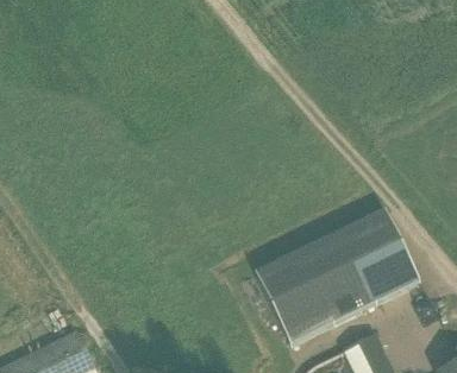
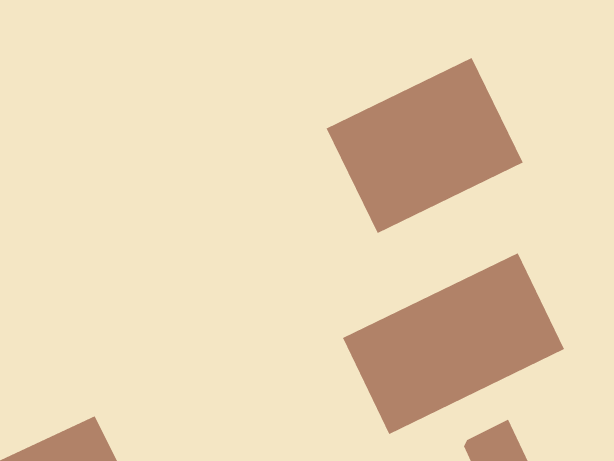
building: none -> [326,57,523,234]

